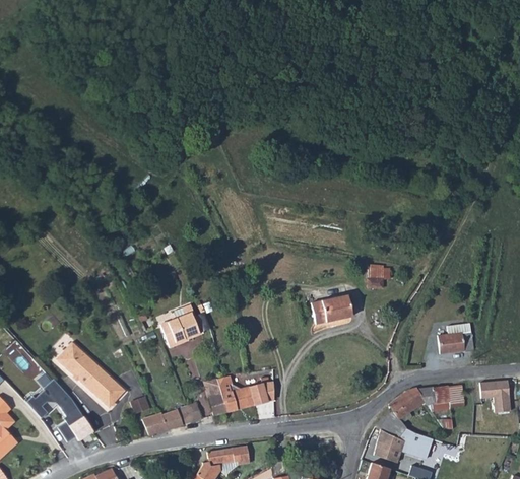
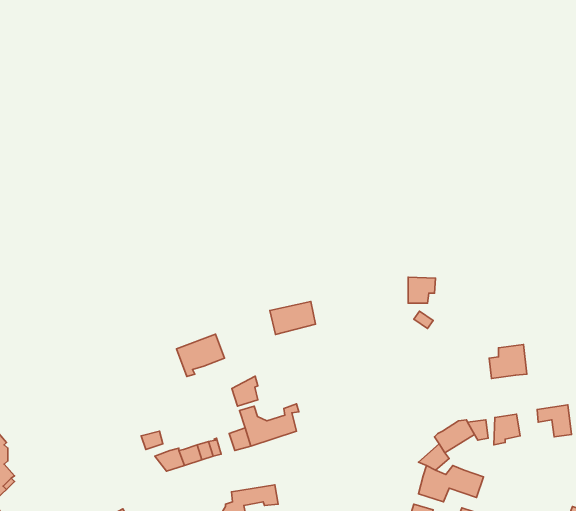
building: [311,295,351,325] -> [270,301,315,334]
building: [56,343,125,408] -> none
building: none -> [232,376,258,406]
building: [28,381,94,443] -> none

